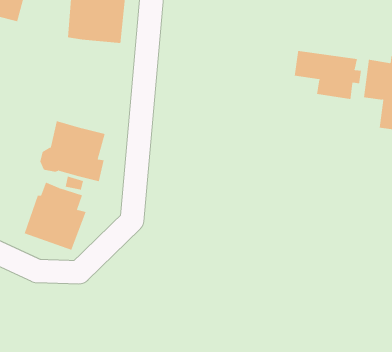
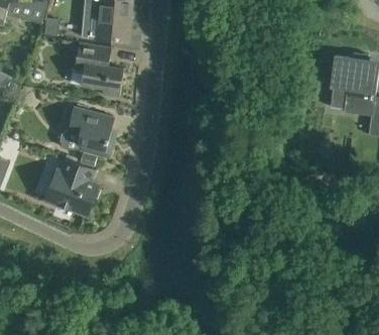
building: none -> [74,41,123,96]
building: [294,50,362,100] -> none

